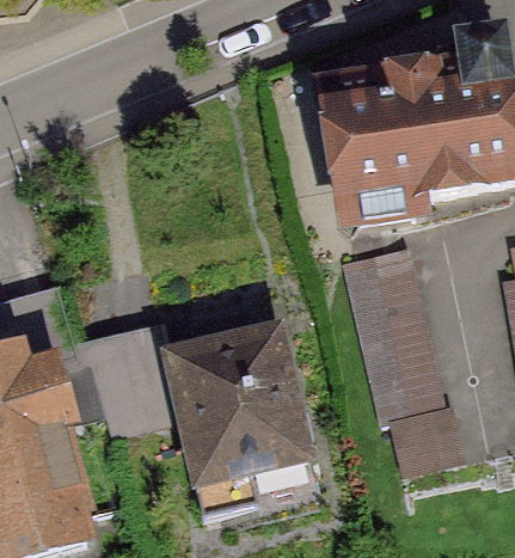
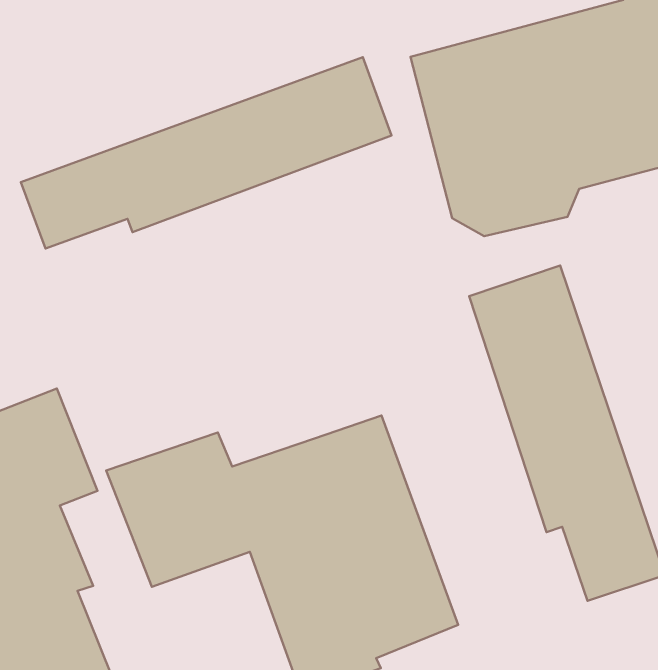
building: none -> [21,57,392,249]

